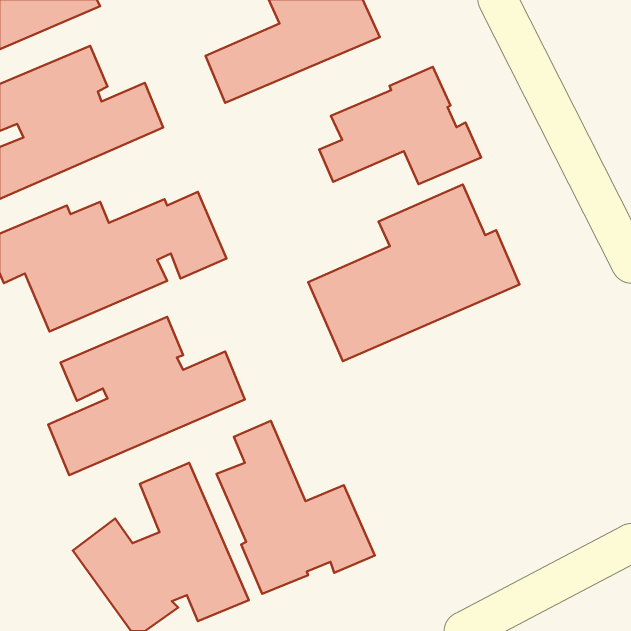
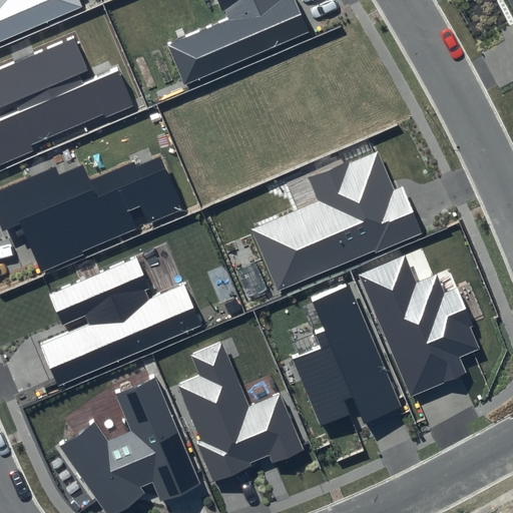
building: [319,67,481,184] -> none
building: none -> [358,253,478,397]
building: none -> [291,283,399,426]

